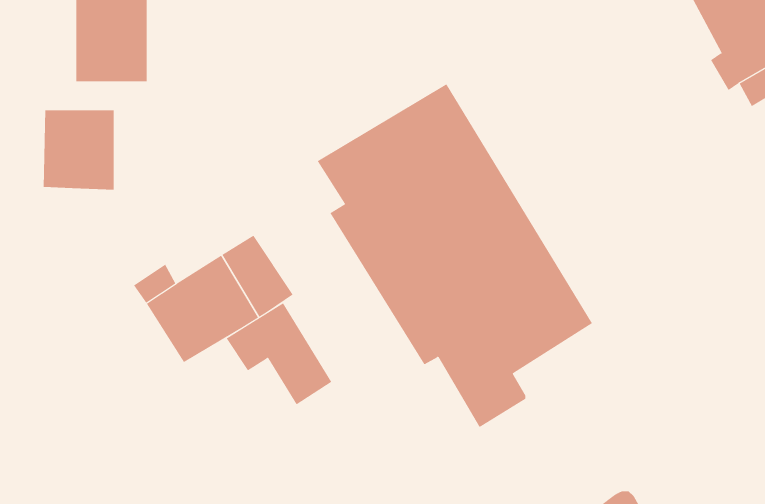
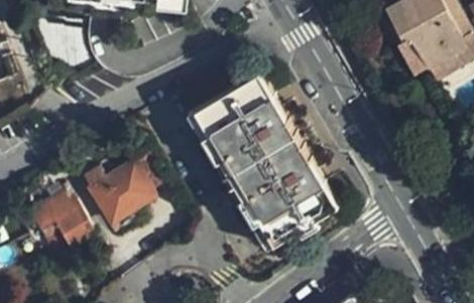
building: [43,109,114,190] -> none
building: [226,303,332,405] -> [29,192,89,250]

